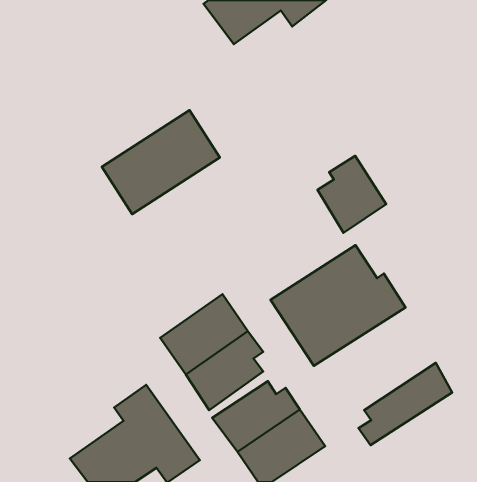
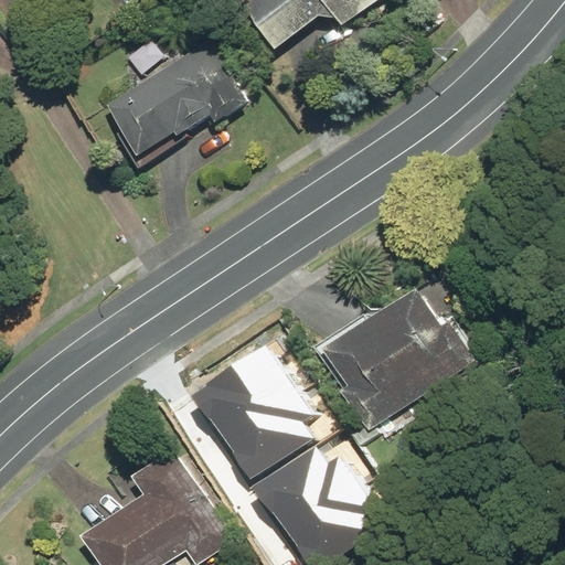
building: [102,110,220,214] -> [107,41,245,162]
building: [317,156,386,233] -> none
building: [359,363,452,445] -> none

